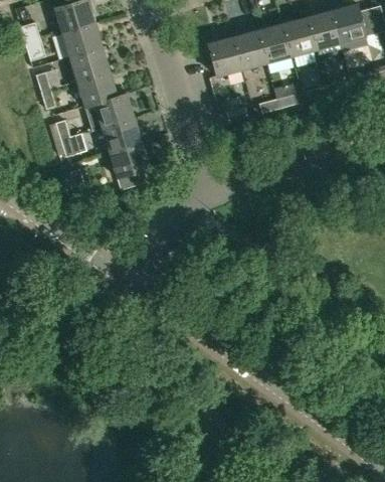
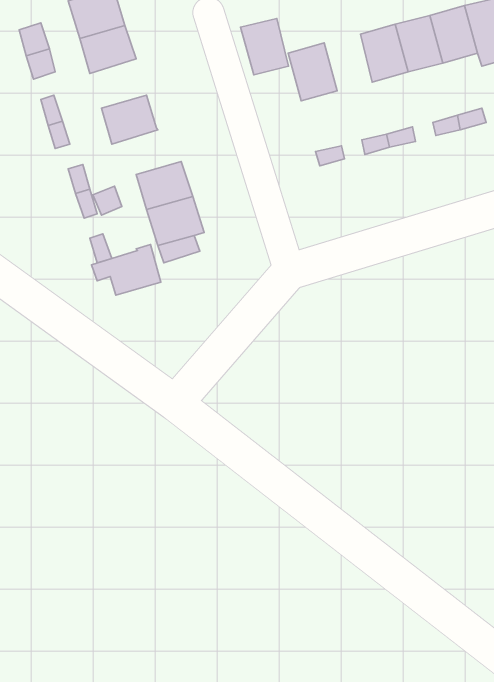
building: [232,30,265,69] -> [241,18,288,75]
building: [69,47,109,82] -> none
building: [84,93,133,128] -> [91,245,161,295]

